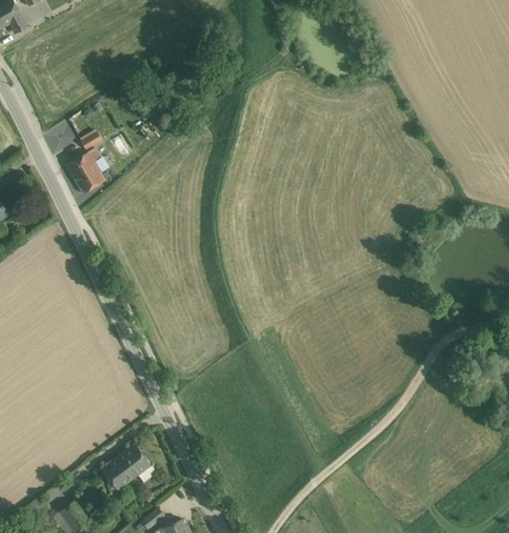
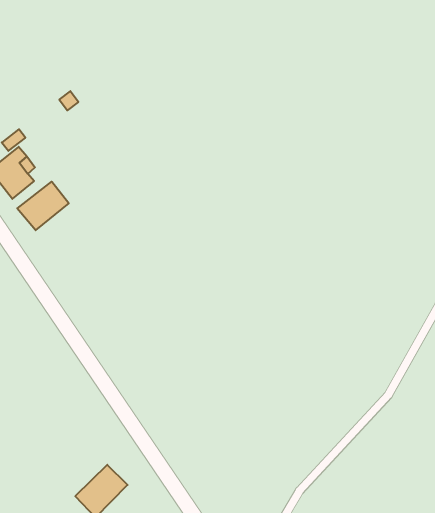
building: none -> [17,182,69,230]

